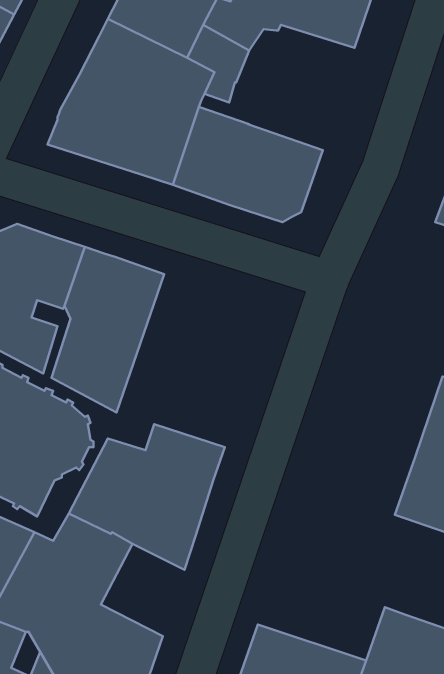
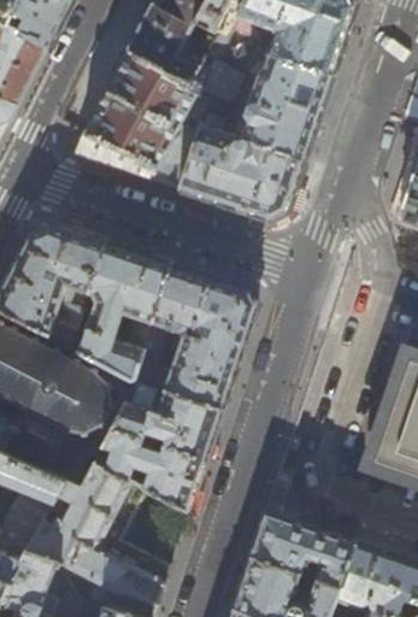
building: none -> [241,54,330,159]
building: none -> [131,263,255,407]
building: none -> [249,511,355,586]

